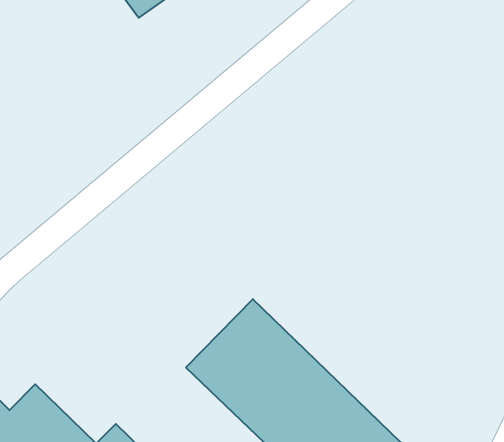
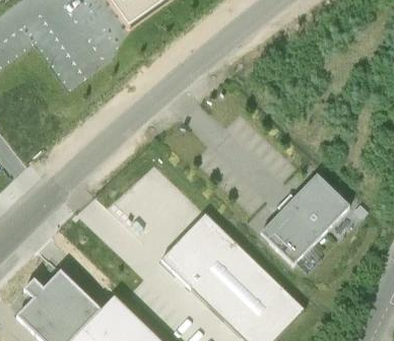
building: none -> [260,175,349,264]

